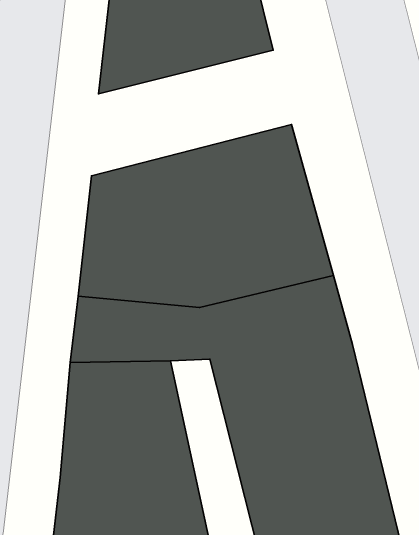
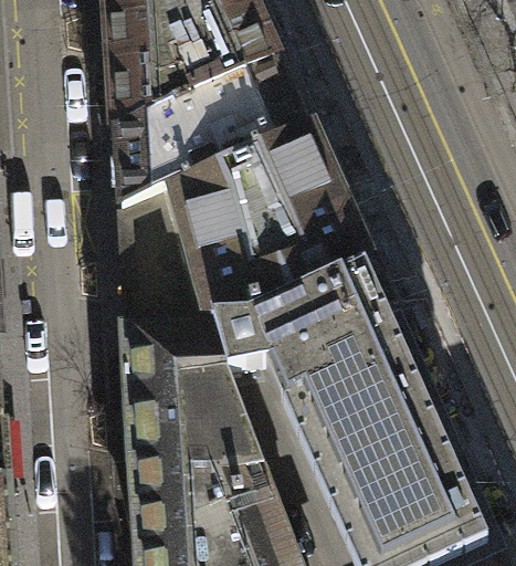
building: none -> [117,70,302,216]

